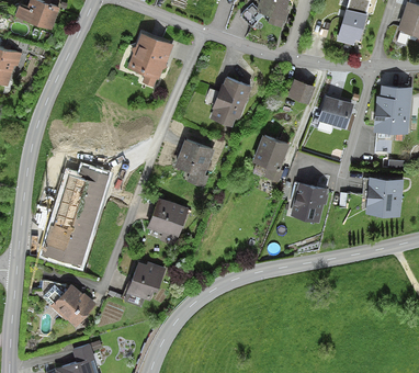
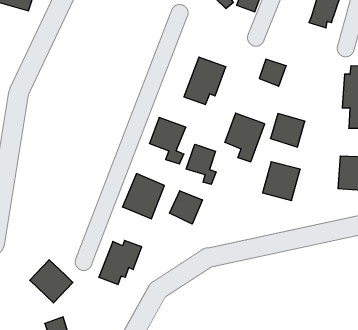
building: [127,34,174,88] -> none
building: [318,98,353,132] -> [270,114,305,147]
building: none -> [186,144,216,184]
building: [45,167,104,262] -> none
building: none -> [170,191,202,224]

